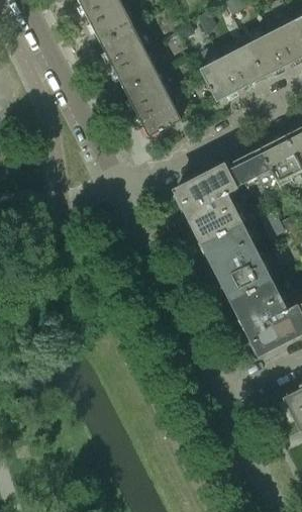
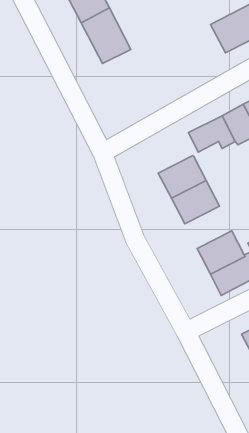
building: [199,43,264,100] -> none
building: [123,72,181,136] -> none
building: [176,167,233,213] -> none
building: [217,250,271,299] -> none

